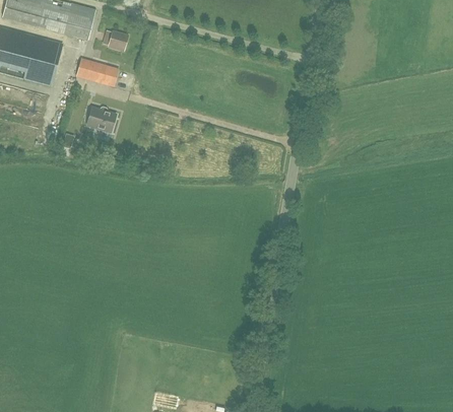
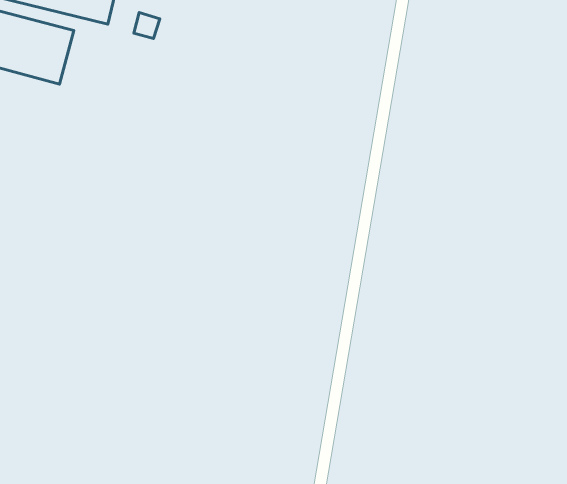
building: [76,59,118,86] -> none
building: [86,107,116,132] -> none

